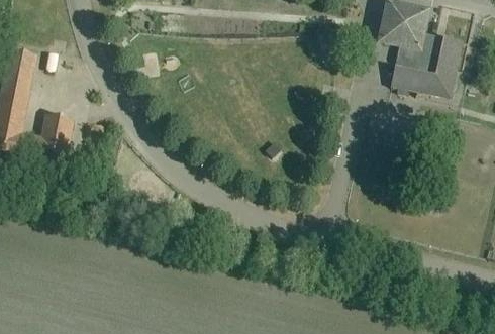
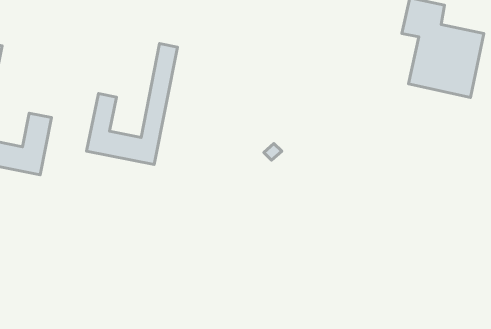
building: none -> [87,43,178,165]

